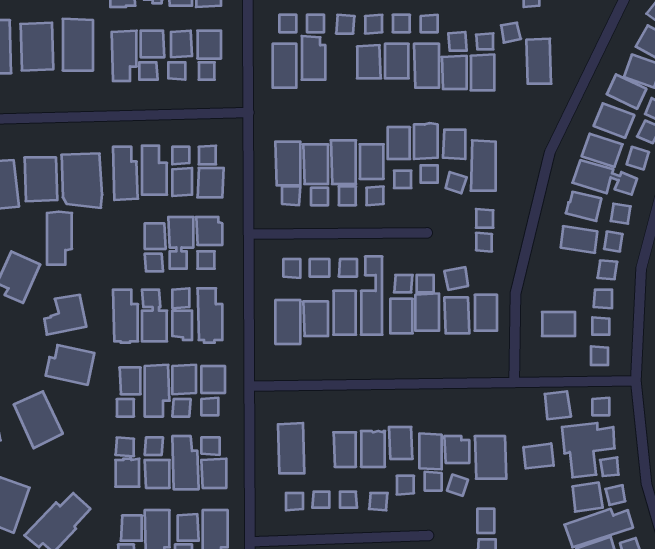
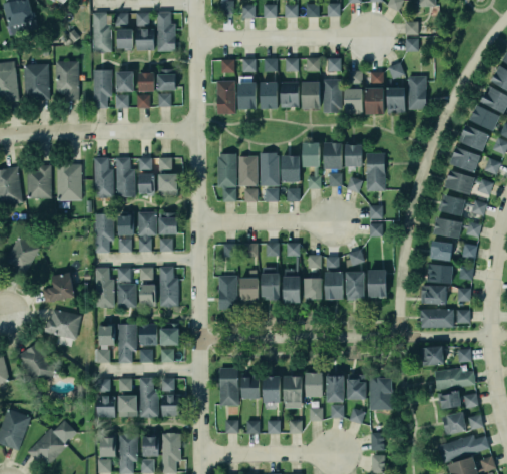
building: none -> [259,80,277,107]
building: none -> [386,86,404,111]
building: [47,212,72,265] -> [94,211,113,252]
building: none -> [429,239,452,259]
building: none -> [427,265,453,284]
building: none -> [421,310,454,328]
building: none -> [240,373,259,397]
building: [524,443,554,468] -> none

